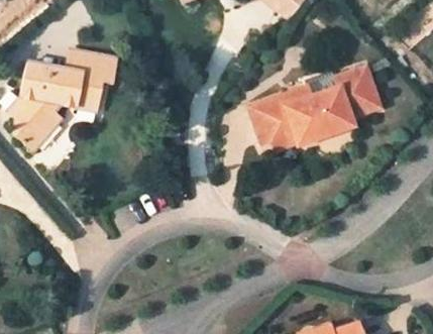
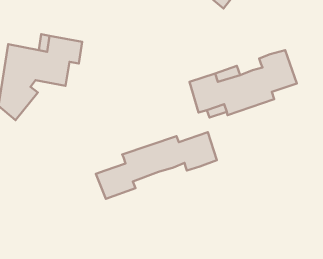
building: none -> [96,132,217,199]

